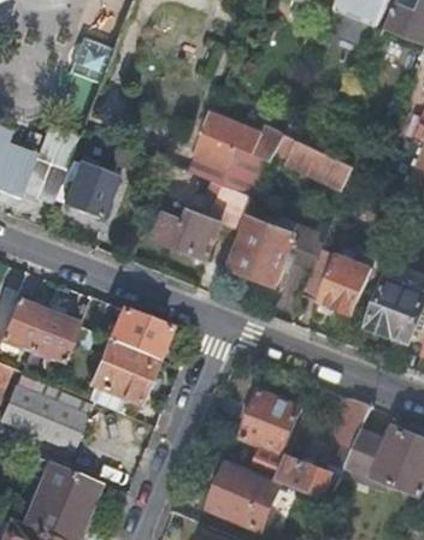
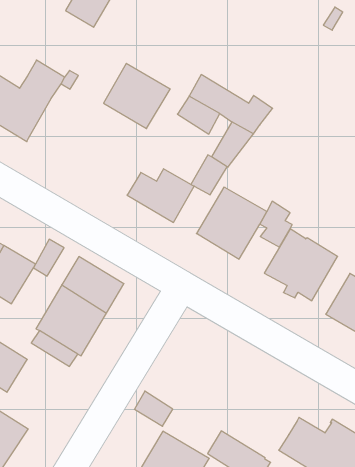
building: [275,132,353,188] -> none
building: [52,158,114,218] -> [104,63,170,129]
building: [241,388,301,451] -> none
building: [329,394,370,446] -> none

